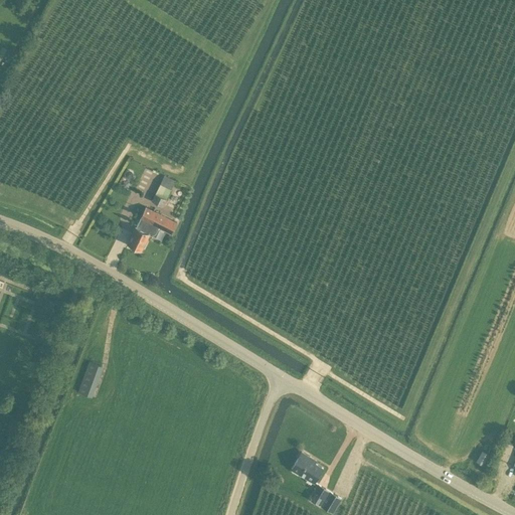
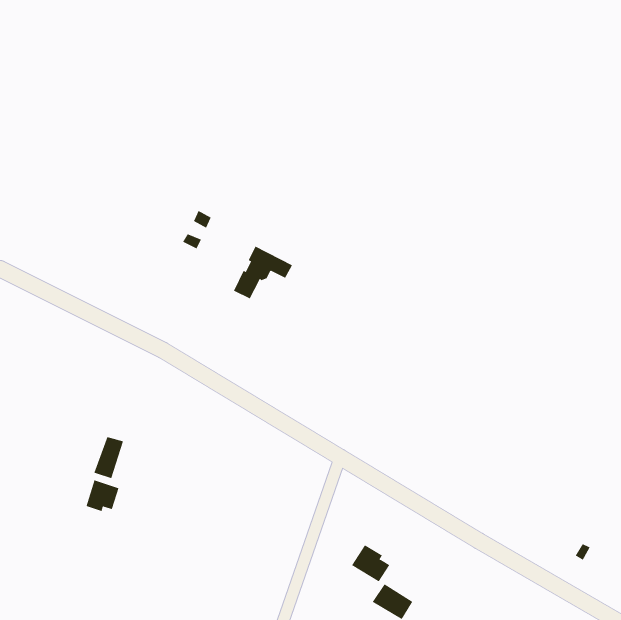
building: [128,207,177,251] -> [233,246,293,299]
building: none -> [86,479,119,512]

